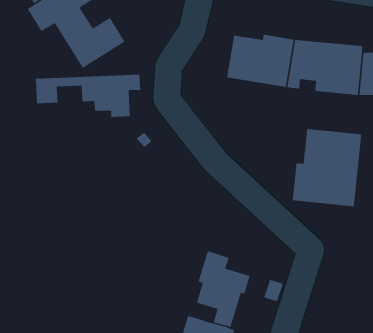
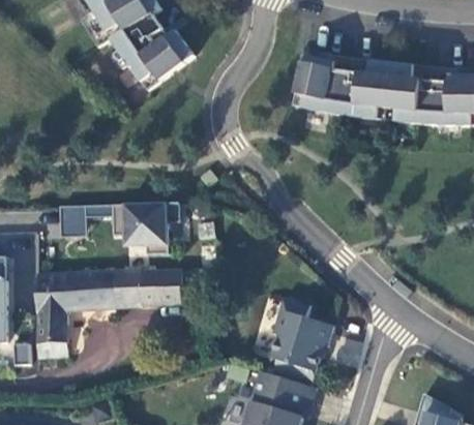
building: [35,74,141,118] -> [62,200,184,250]
building: [292,128,362,207] -> none
building: none -> [51,267,188,355]

